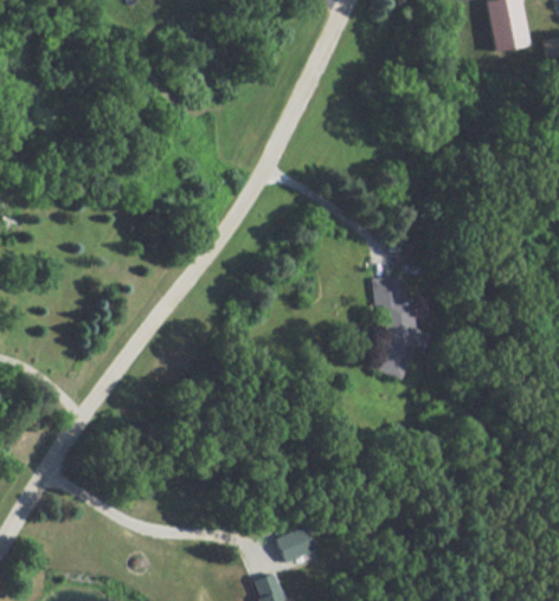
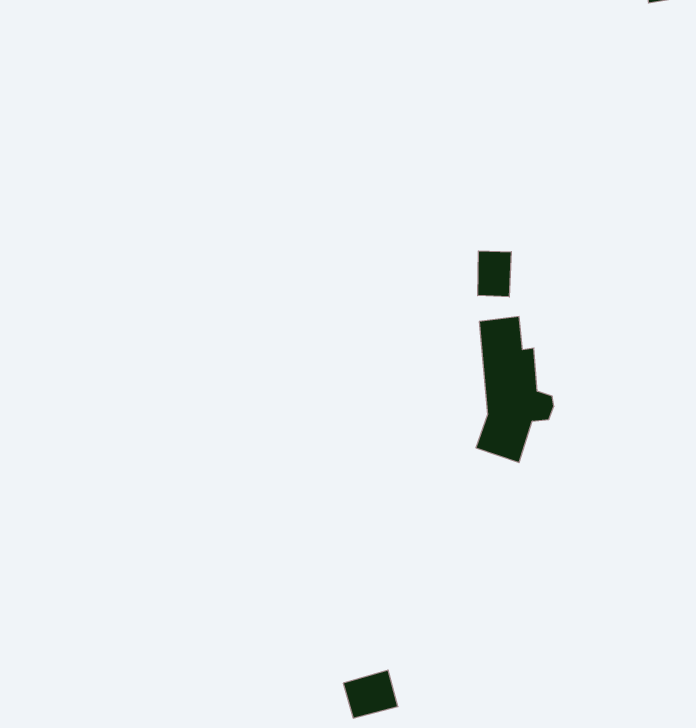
building: none -> [478,251,511,297]

